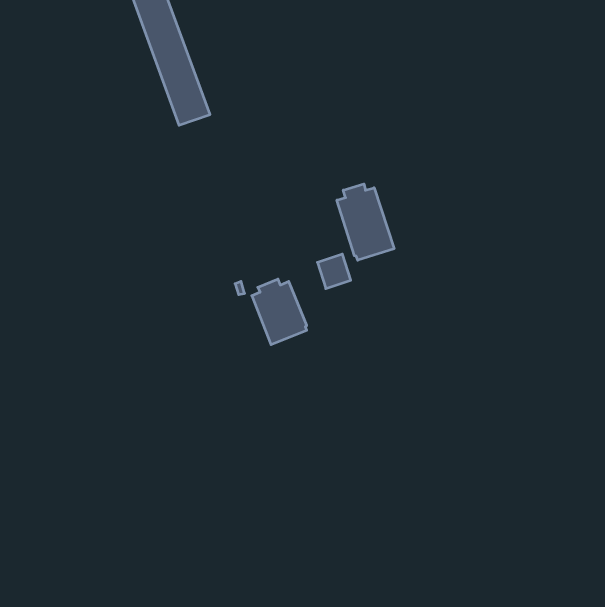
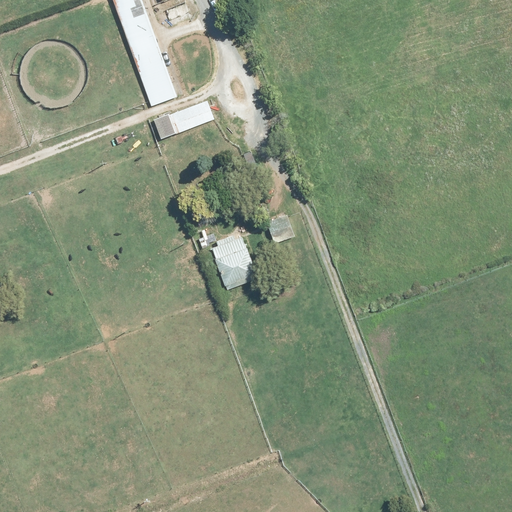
building: none -> [154,100,213,138]
building: [337,184,394,260] -> none

